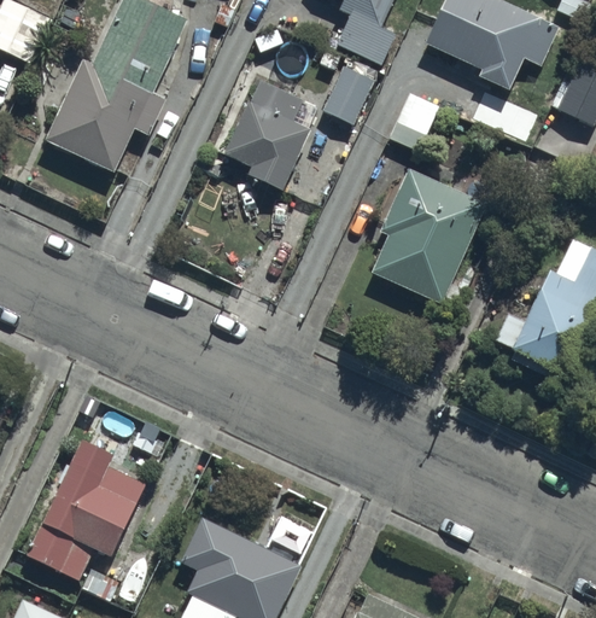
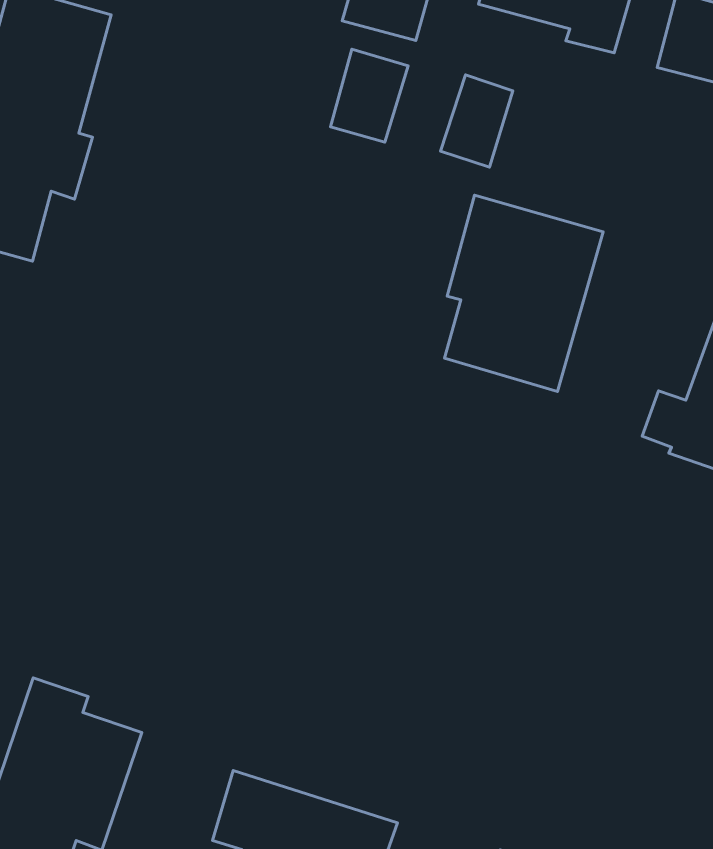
building: [227,78,311,191] -> none

